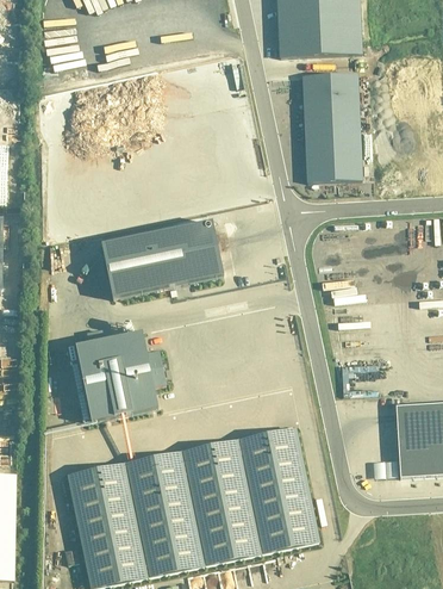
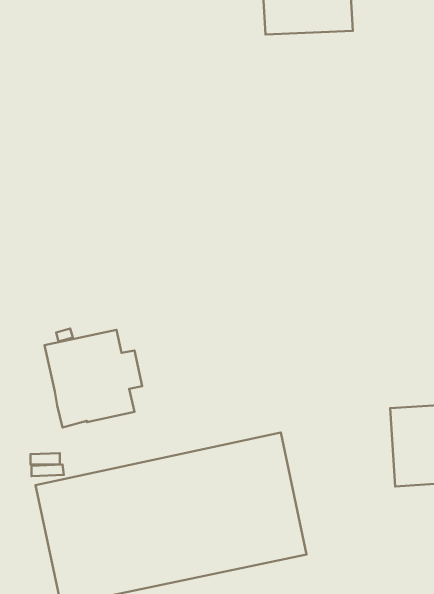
building: [302,72,362,180] -> none
building: [101,219,223,297] -> none

